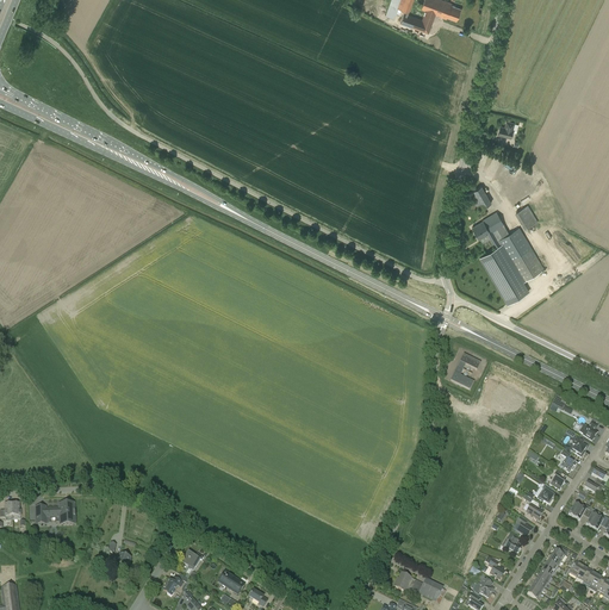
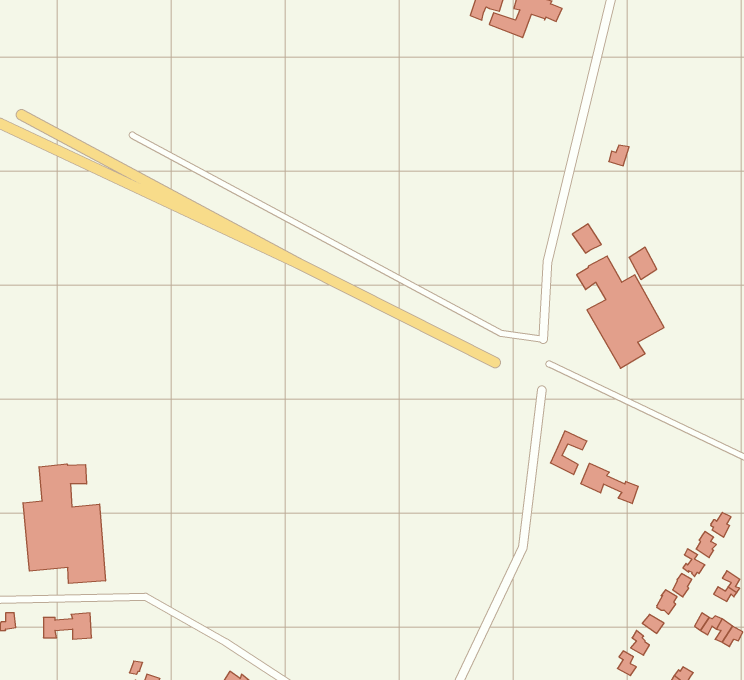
building: none -> [581,463,638,504]
building: none -> [23,464,105,583]

